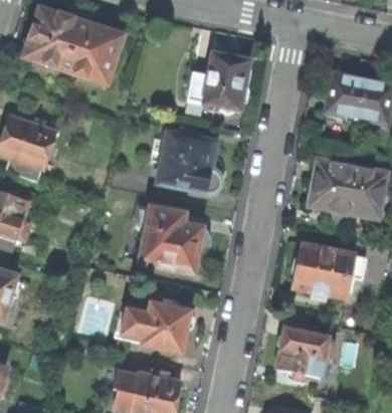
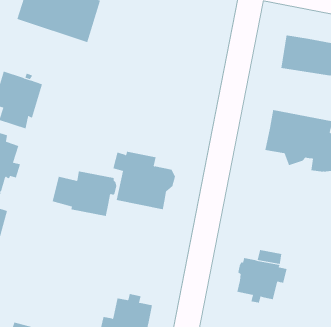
building: [186,50,247,108] -> none
building: [156,126,220,192] -> none
building: [292,242,361,296] -> none
building: [119,300,193,353] -> [52,171,117,217]

